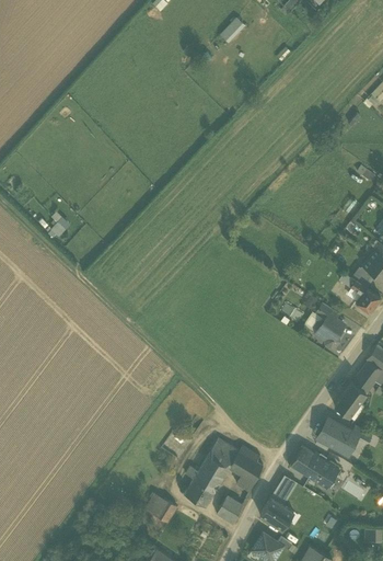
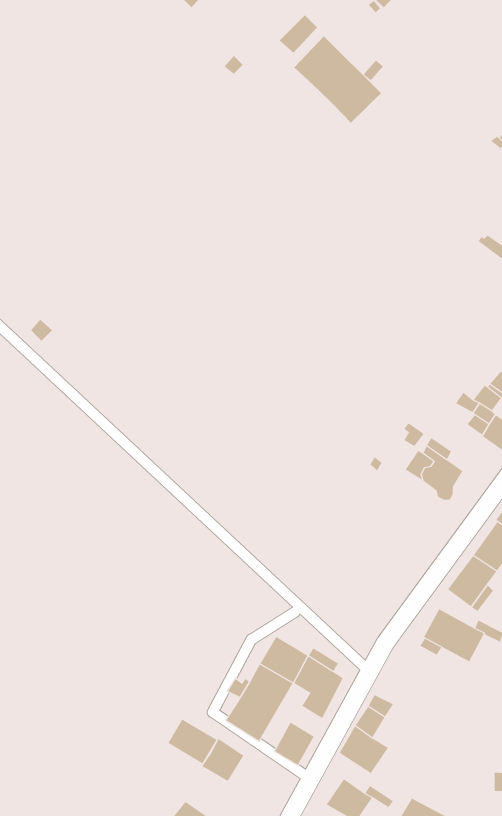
building: none -> [294,35,382,124]
building: [290,446,339,489] -> none
building: none -> [202,738,244,782]

